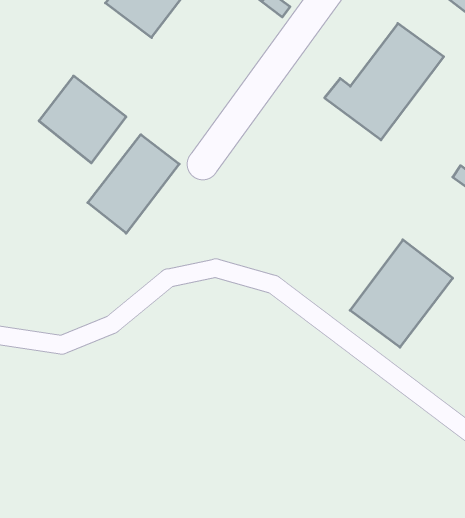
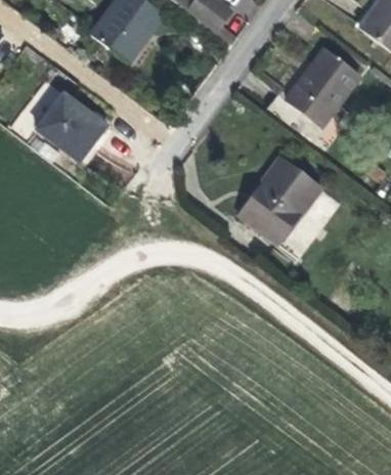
building: [88,135,179,233] -> none
building: [350,240,453,347] -> [240,157,321,243]

